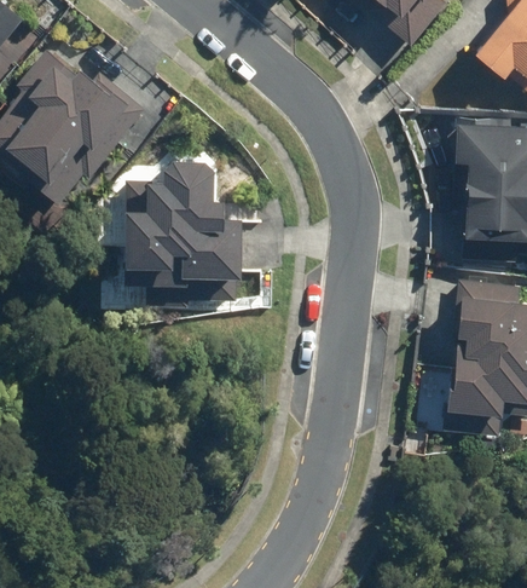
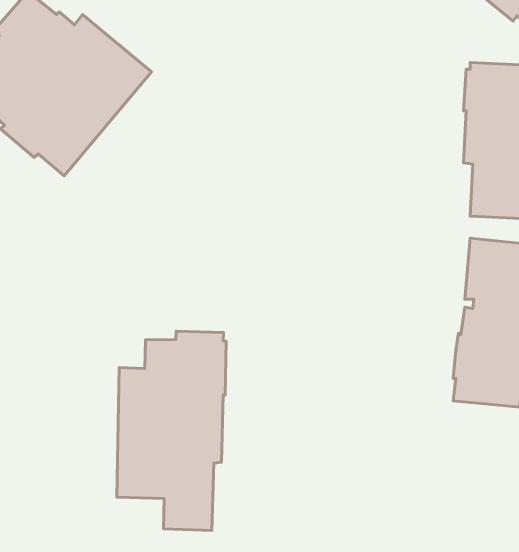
building: [121,158,242,306] -> none
building: none -> [117,331,226,530]

